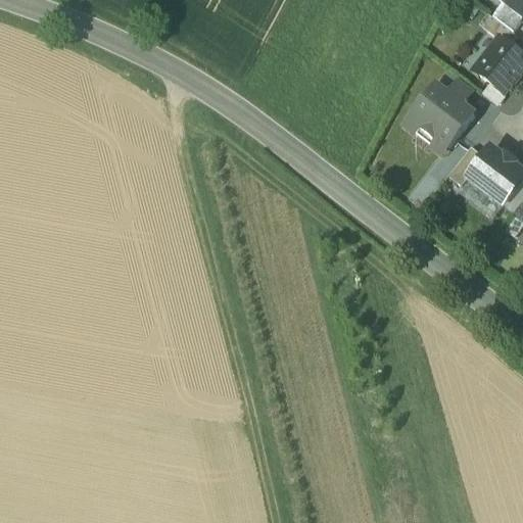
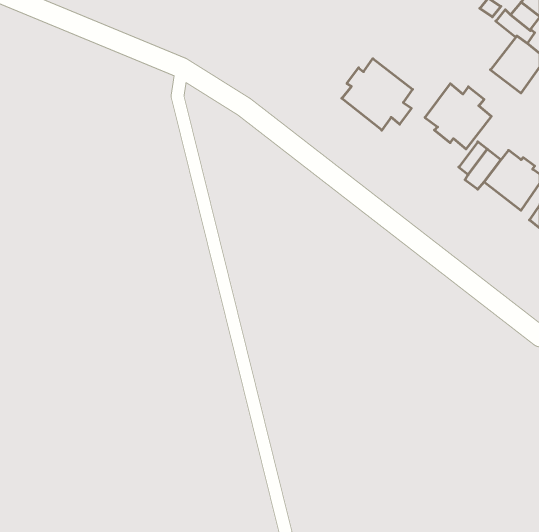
building: none -> [342,59,413,130]

